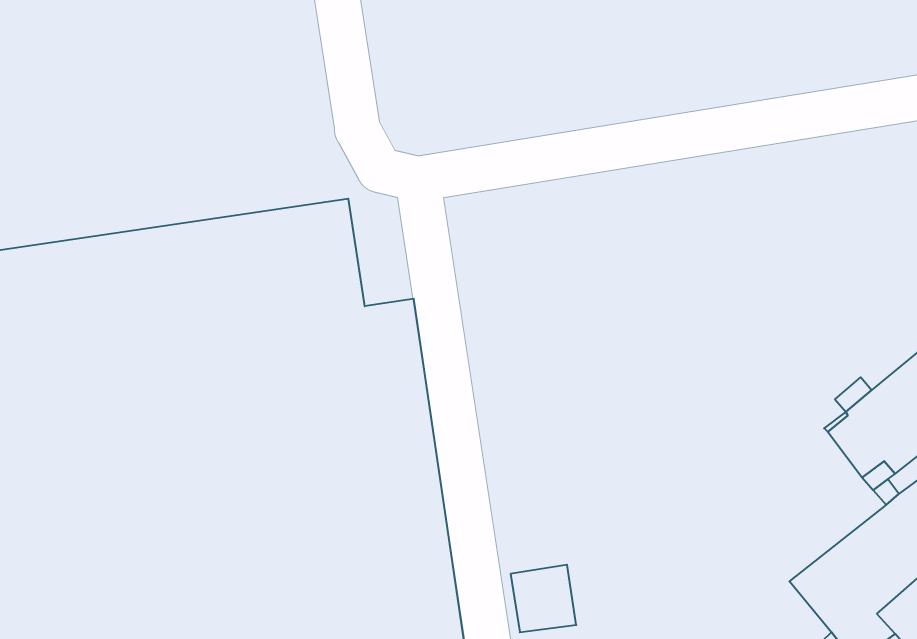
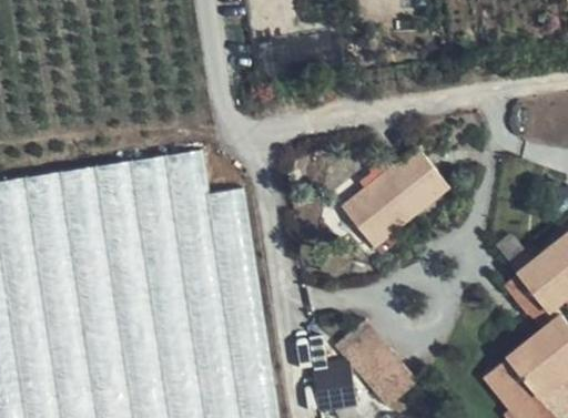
building: none -> [339,150,447,249]
building: none -> [333,323,416,409]

